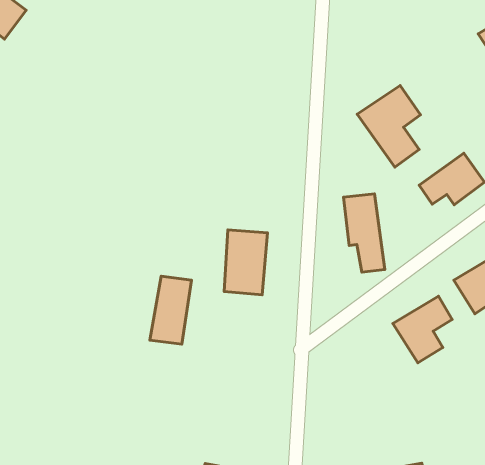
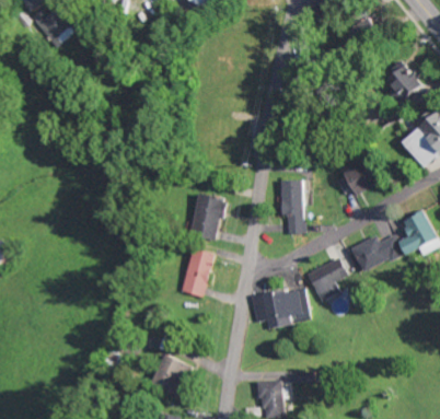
building: [357,85,421,167] -> none
building: [150,276,192,344] -> [181,248,215,298]
building: none -> [250,289,305,329]

